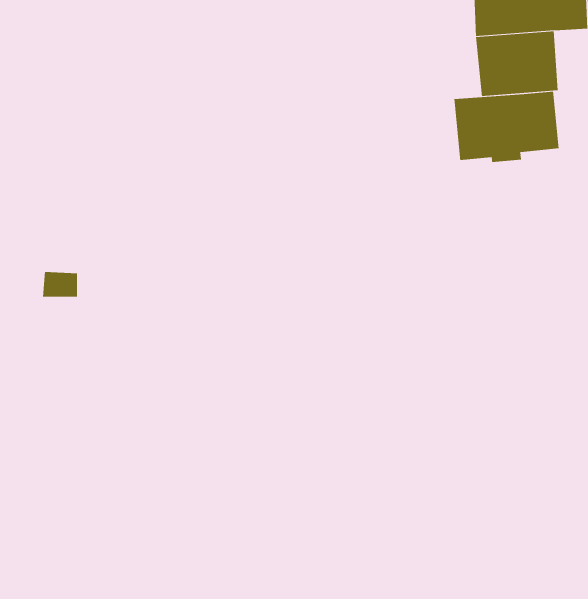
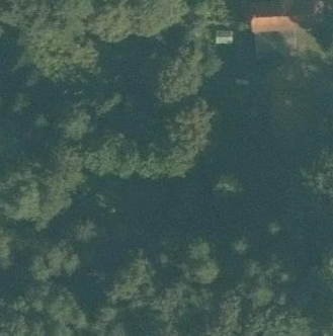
building: [454,91,559,163] -> none

